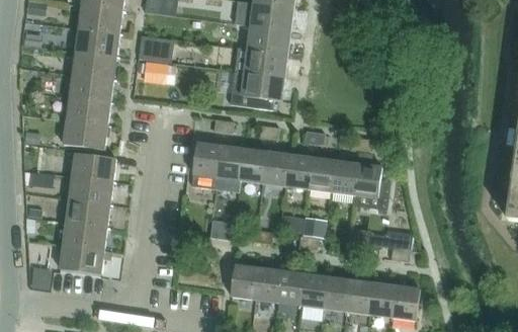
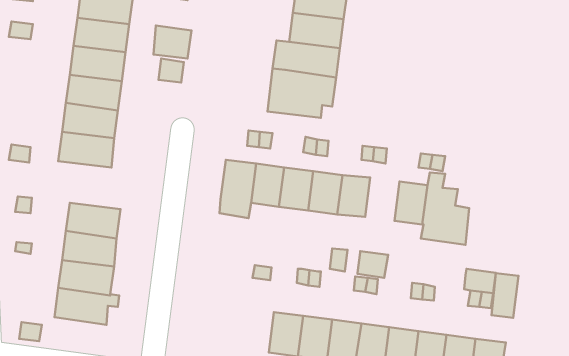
building: [72,154,115,182] -> none
building: [308,157,335,191] -> none
building: none -> [491,273,519,318]

